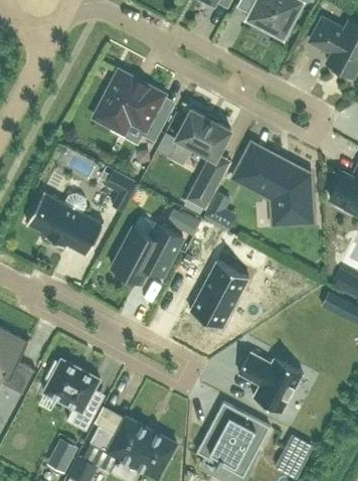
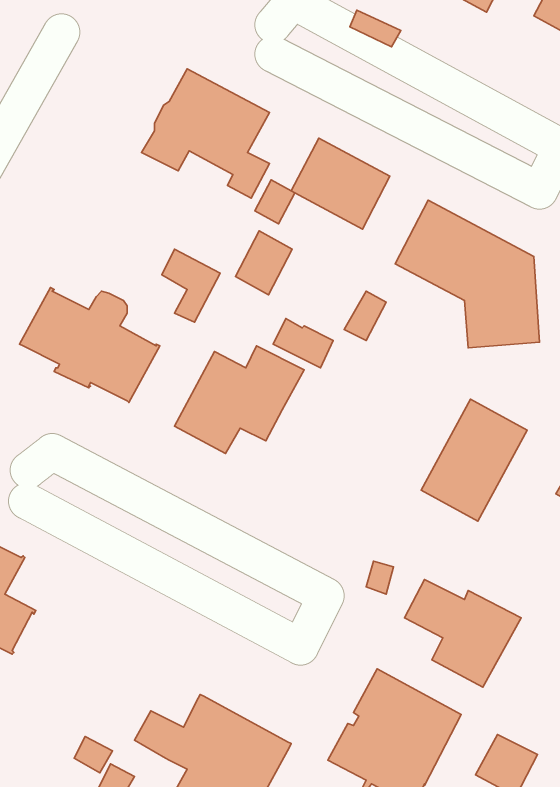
building: [187,174,218,209] -> [236,231,292,295]
building: [190,262,248,329] -> [421,399,527,521]
building: [37,359,100,431] -> none

